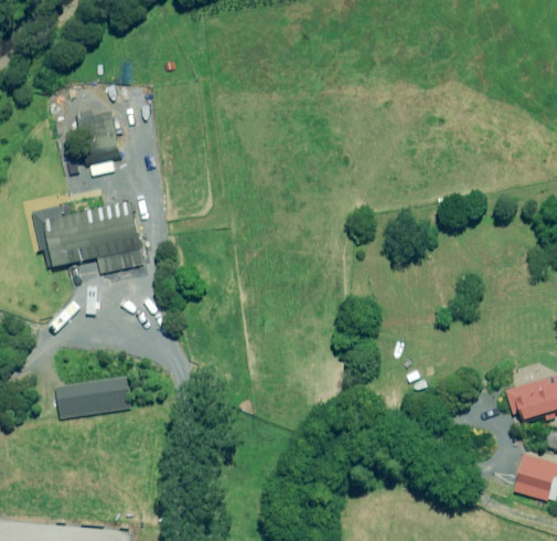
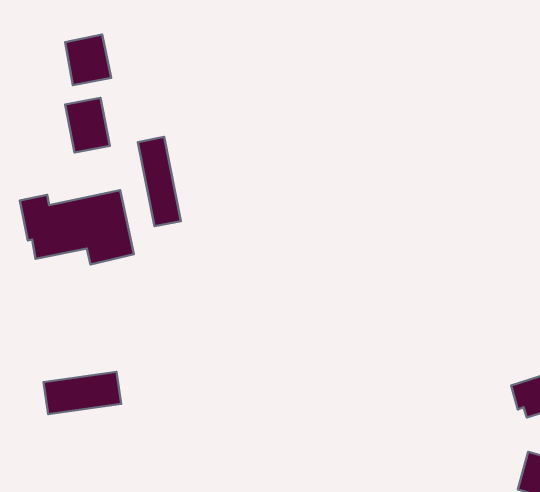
building: none -> [65,35,111,85]
building: none -> [138,137,181,226]

